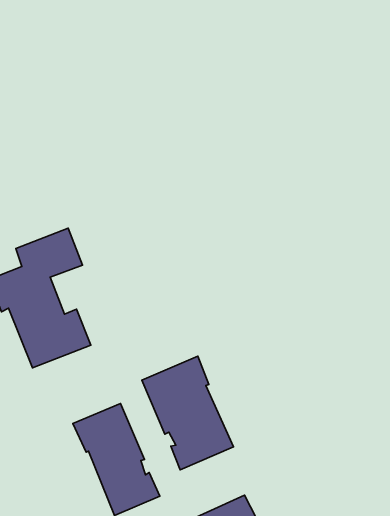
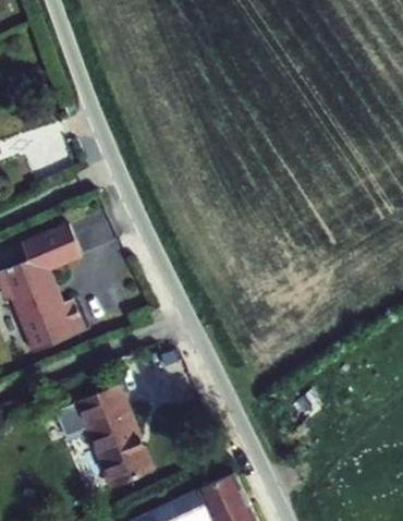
building: [142,356,233,470] -> none

